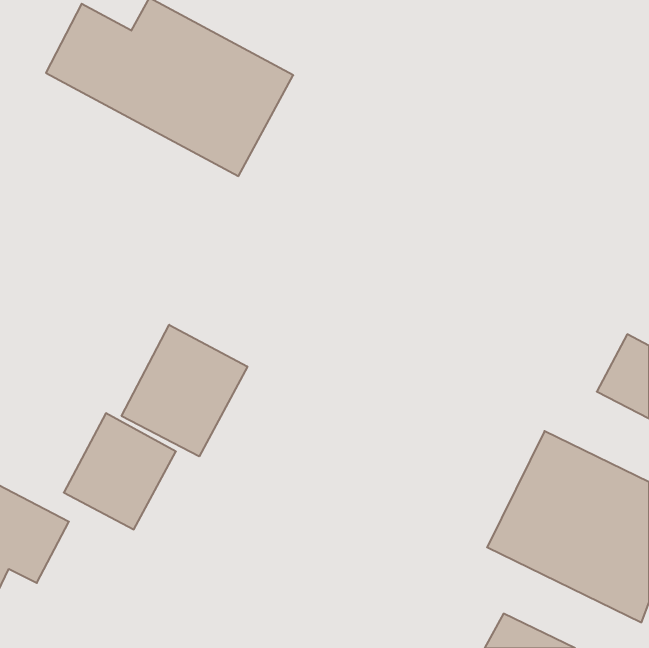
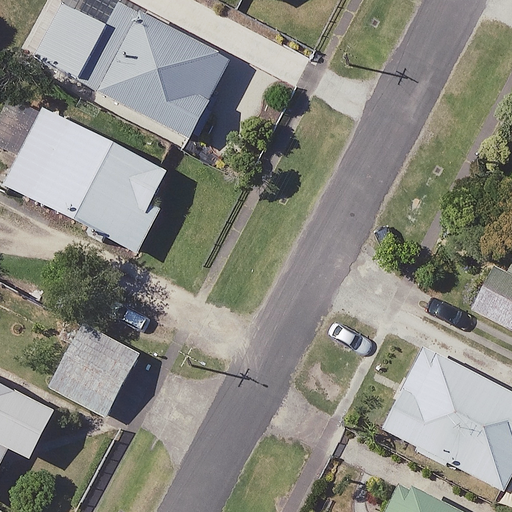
building: none -> [4,107,177,252]
building: [122,325,247,456] -> none

